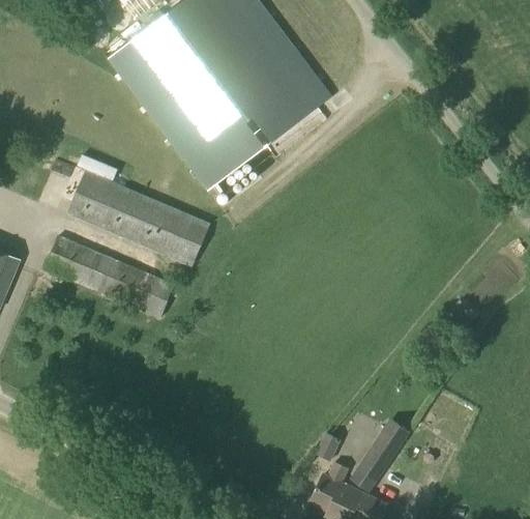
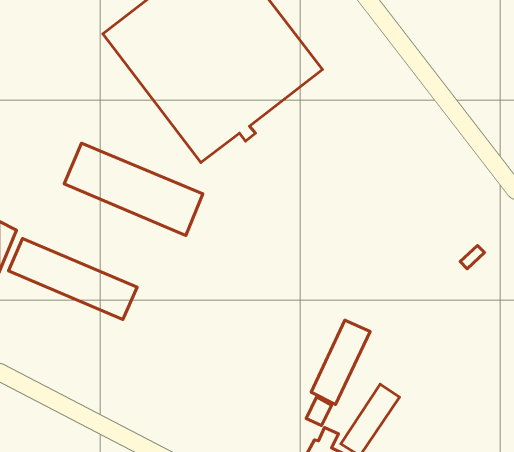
building: [42,234,174,317] -> [8,239,137,320]
building: none -> [311,320,370,404]

